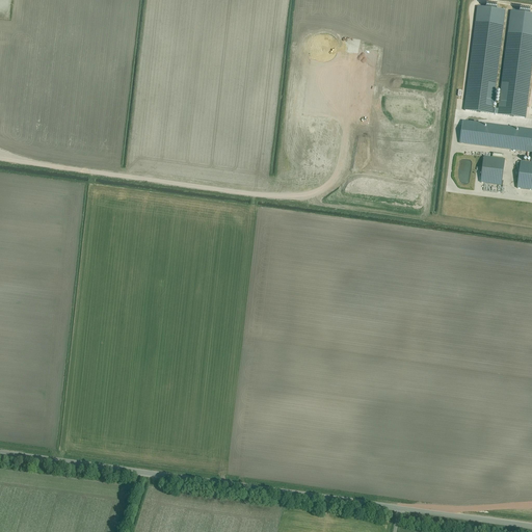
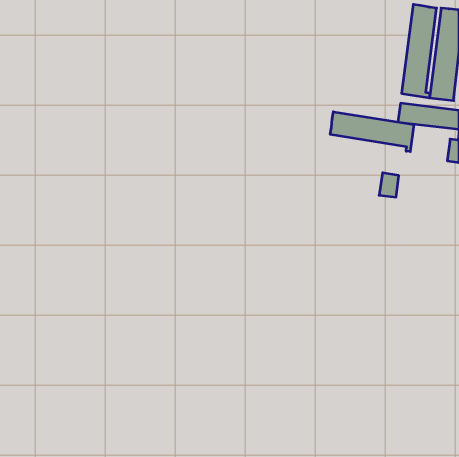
building: none -> [330,112,414,152]
building: [481,156,504,184] -> [379,173,399,197]

